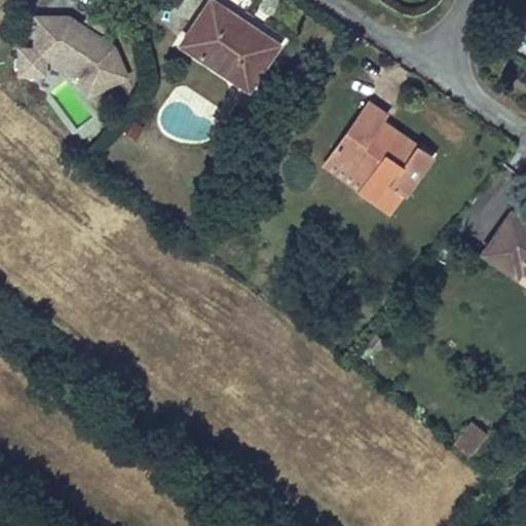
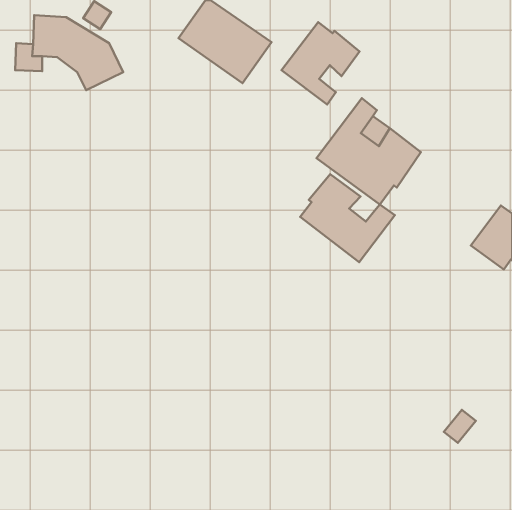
building: none -> [281,22,359,105]
building: none -> [300,174,395,262]

